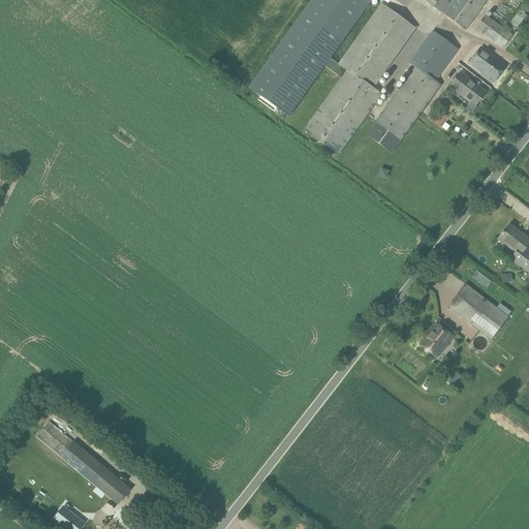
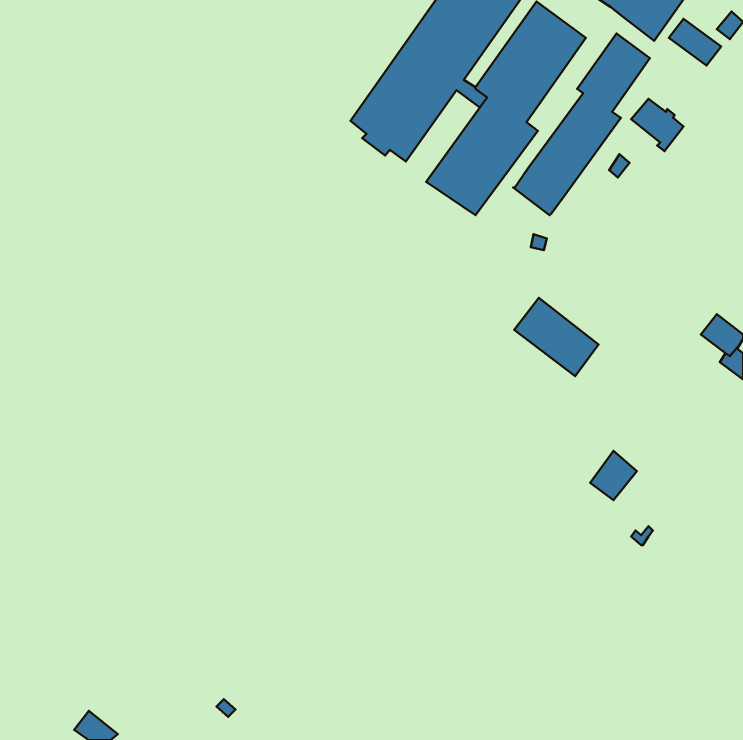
building: [468,45,505,81] -> none
building: [447,282,507,338] -> [514,298,598,376]
building: [35,419,130,502] -> none

